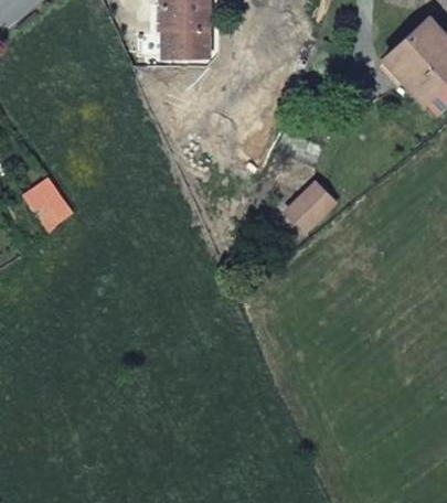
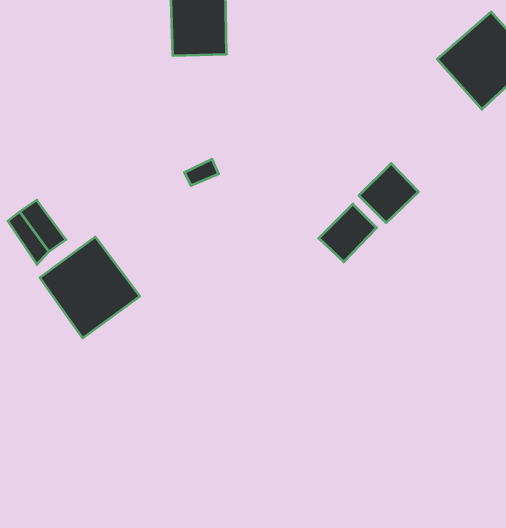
building: none -> [359,163,418,223]
building: none -> [40,237,140,338]

